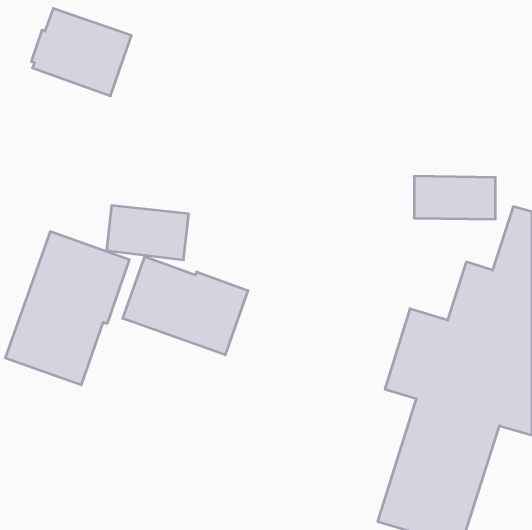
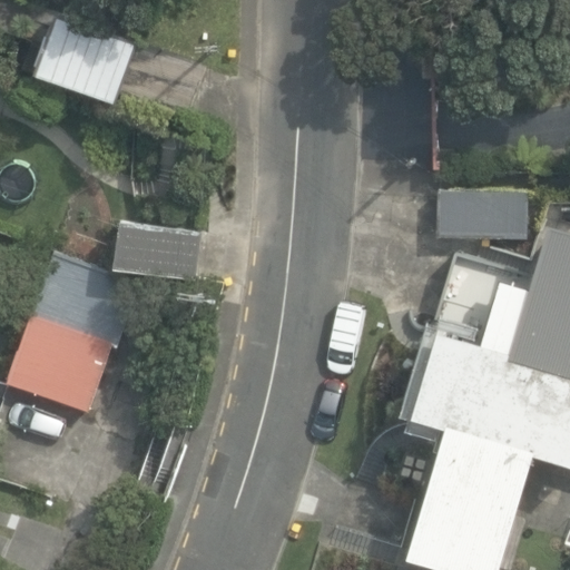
building: [123,257,248,355] -> none

